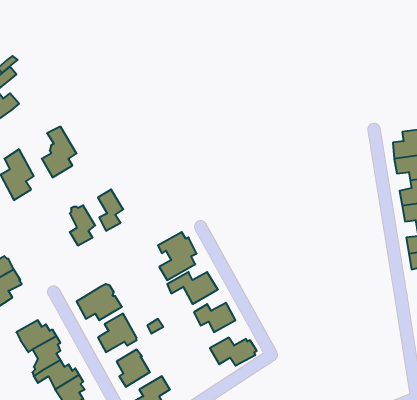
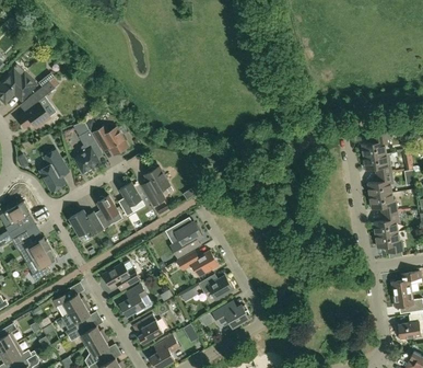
building: none -> [93,126,128,154]
building: none -> [142,166,169,206]
building: none -> [69,210,104,237]

